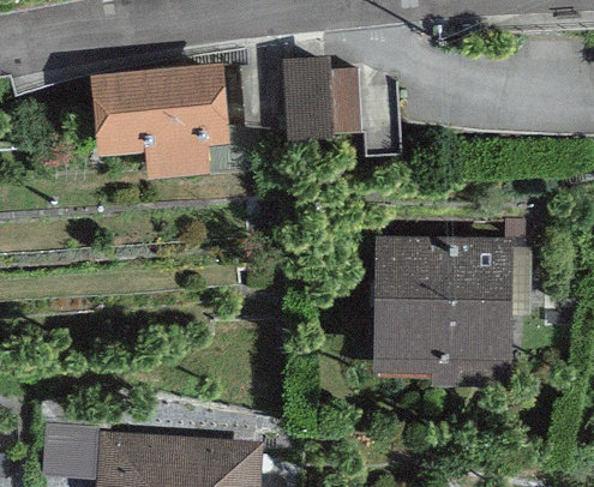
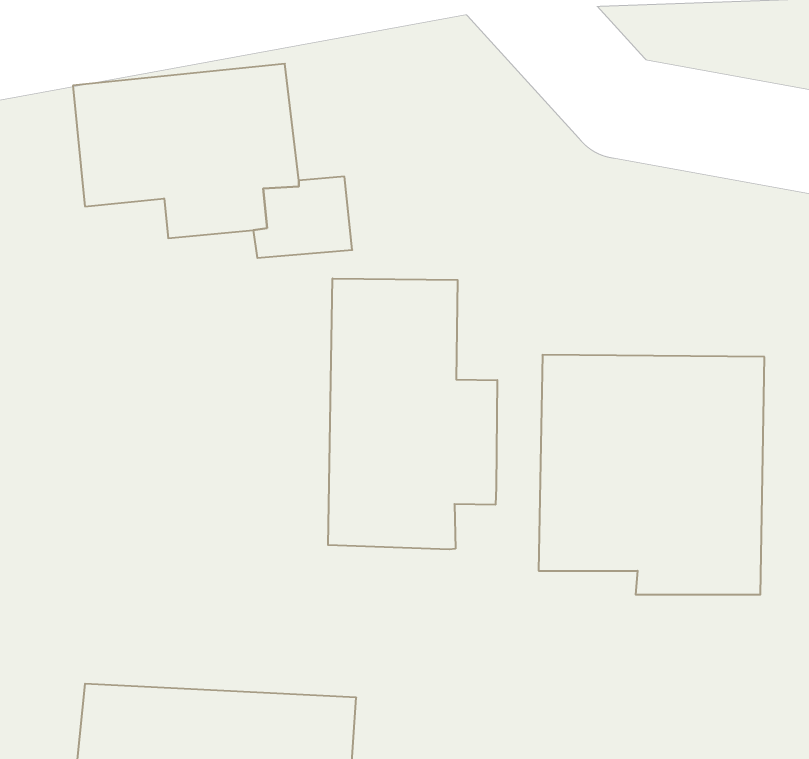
building: [296,54,370,127] -> none
building: none -> [328,278,497,549]

